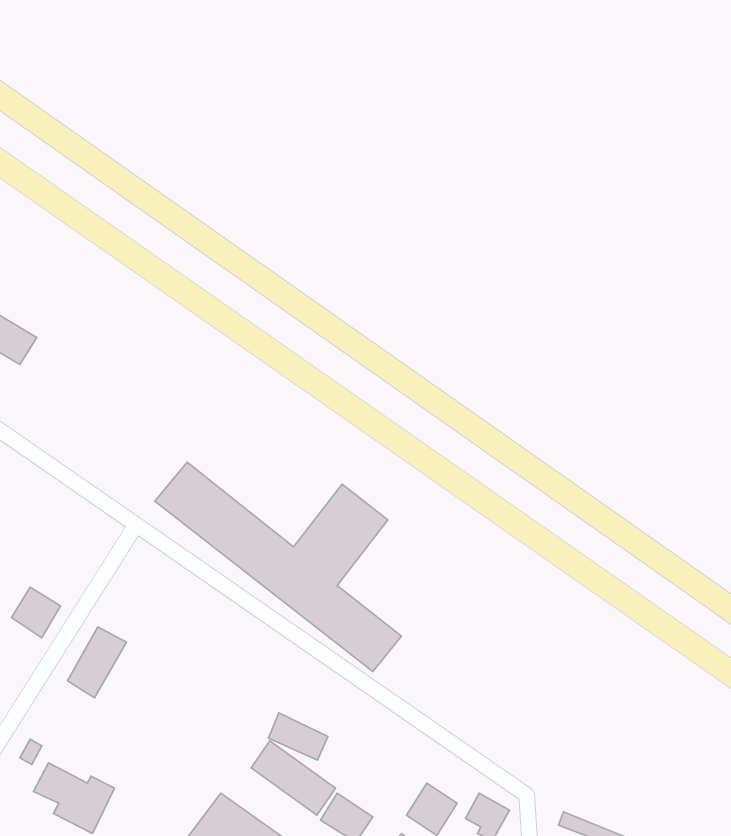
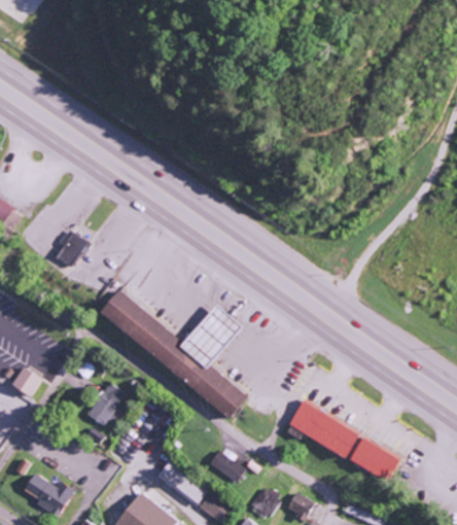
building: none -> [56,231,89,269]
building: [67,627,127,698] -> [89,382,125,425]
building: none -> [287,402,402,480]
building: [269,713,328,760] -> [210,452,246,481]

